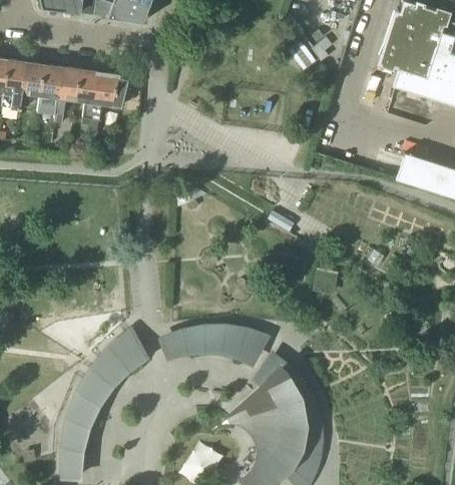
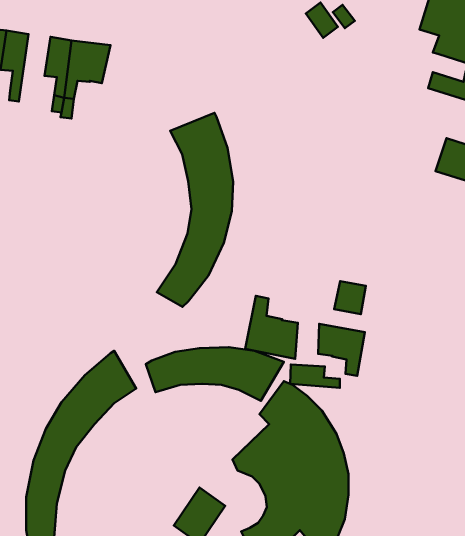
building: [52,67,78,124] -> none
building: none -> [157,113,233,307]
building: none -> [245,296,298,359]
building: none -> [318,324,365,376]
building: none -> [290,365,340,388]

